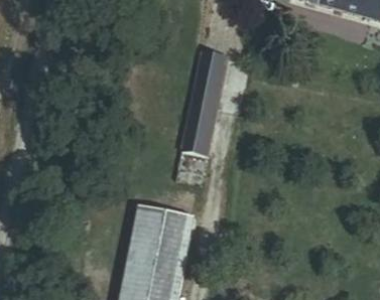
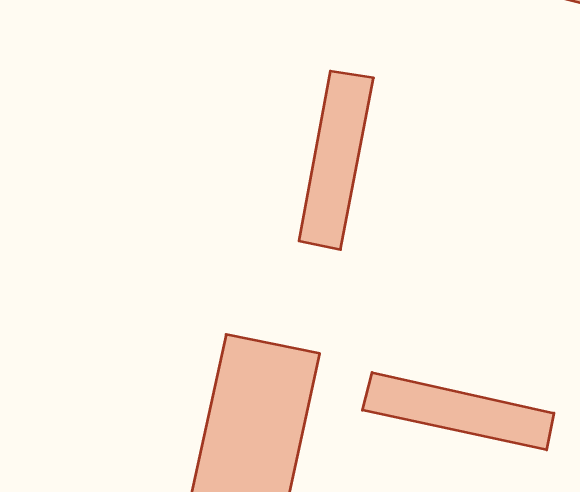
building: none -> [362,372,554,450]

